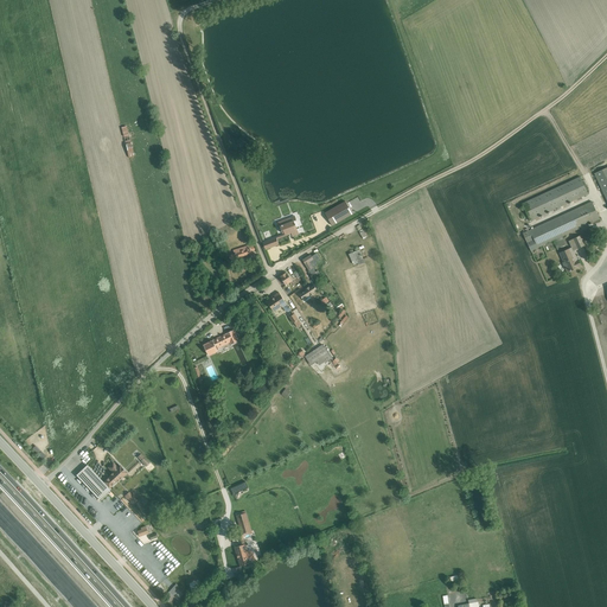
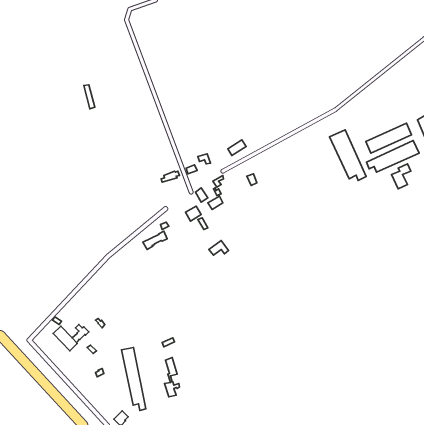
building: none -> [330,130,366,180]
building: none -> [122,348,146,411]

